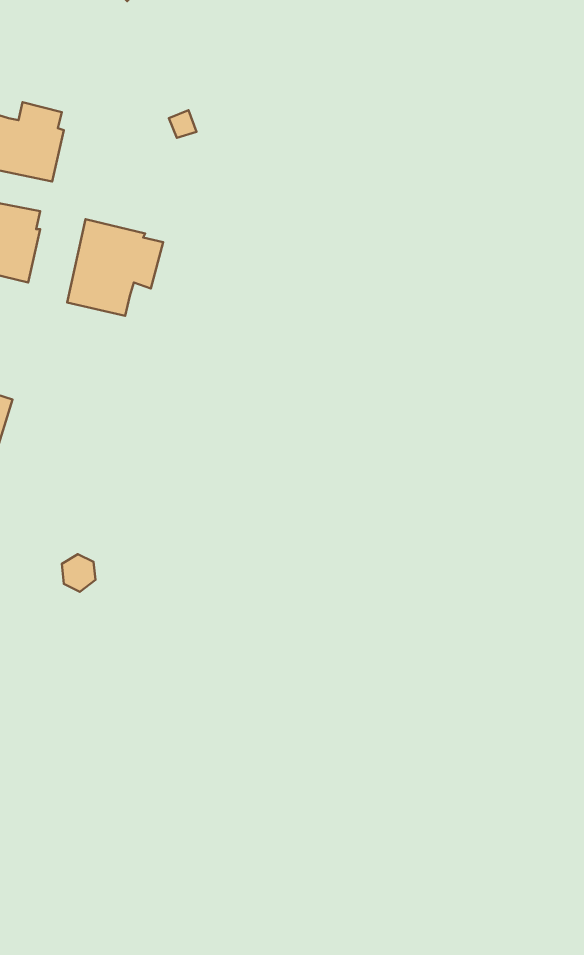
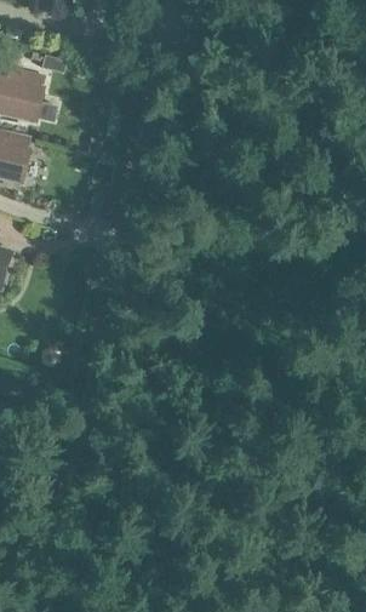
building: [67,219,163,316] -> none

